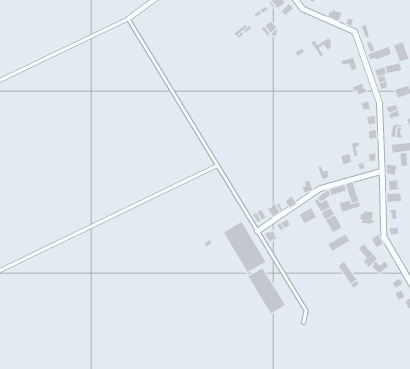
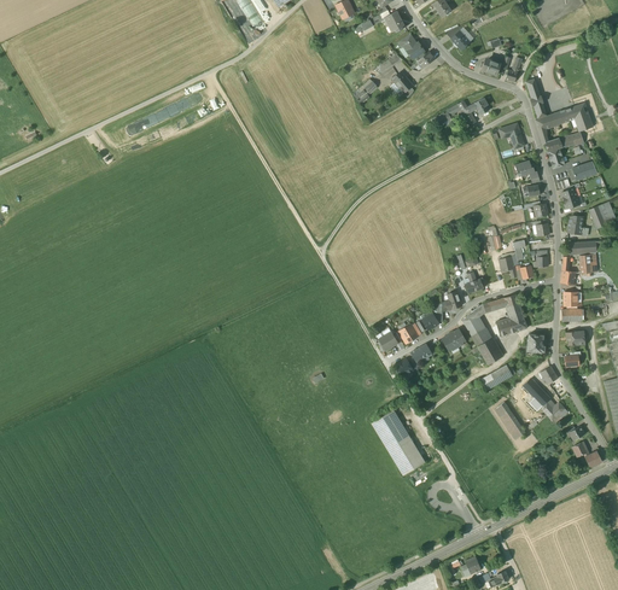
building: [223,221,266,273] -> none

